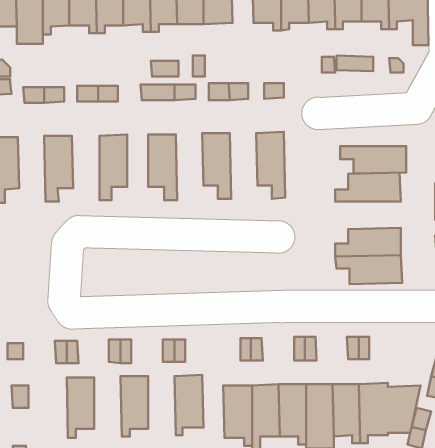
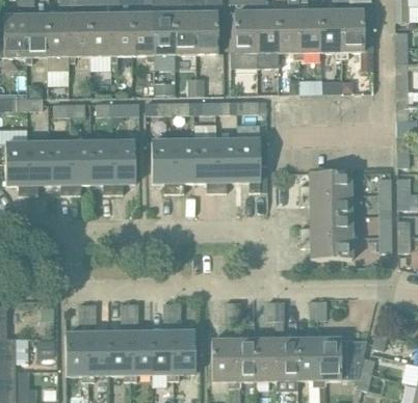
building: none -> [174,139,195,192]
building: none -> [216,139,238,191]
building: none -> [49,141,71,193]
building: none -> [92,141,113,193]
building: [340,146,406,174] -> [299,193,351,215]
building: none -> [109,331,131,379]
building: none -> [152,331,174,379]
building: none -> [66,332,88,380]

